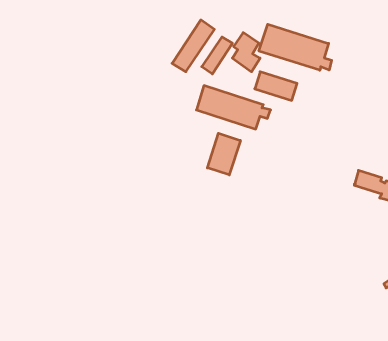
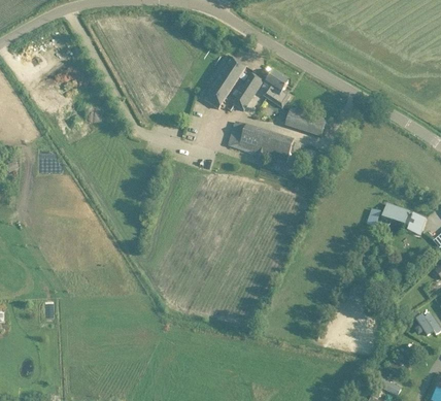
building: [259,24,332,70] -> none
building: [207,133,240,175] -> none

